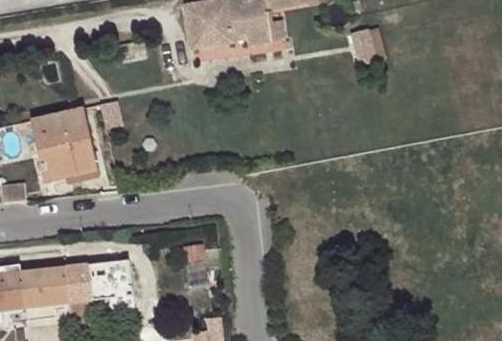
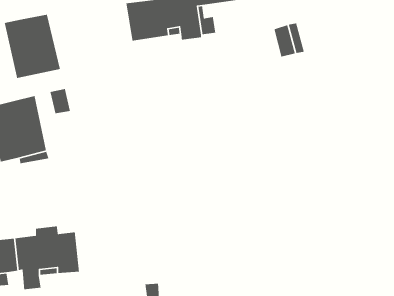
building: none -> [4,14,61,79]

